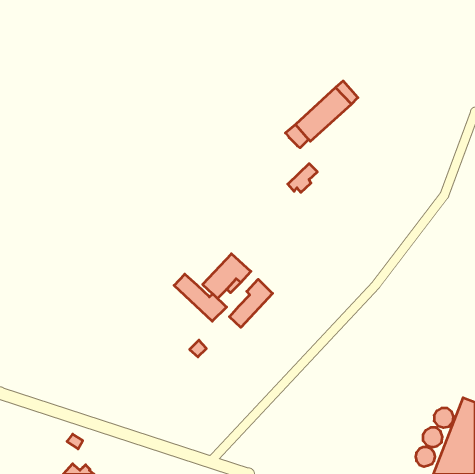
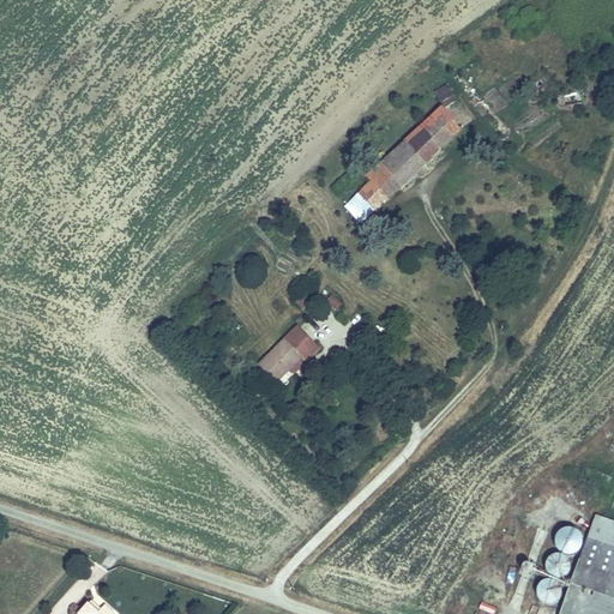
building: [288,164,317,192] -> [345,177,384,215]
building: [174,274,227,321] -> none
building: [229,279,273,327] -> none

